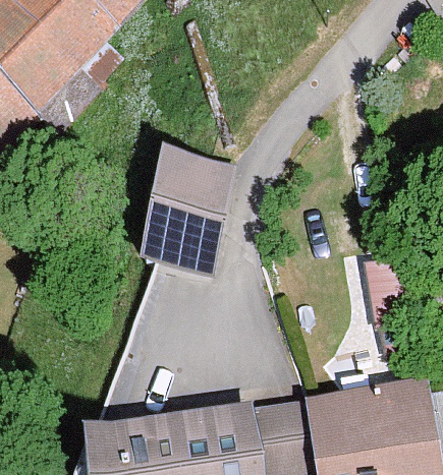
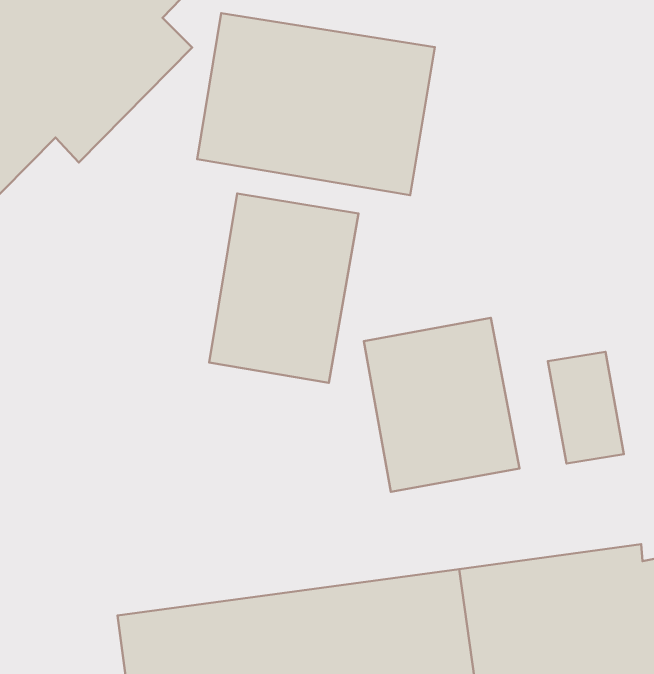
building: none -> [197,13,435,195]
building: none -> [364,318,520,492]

